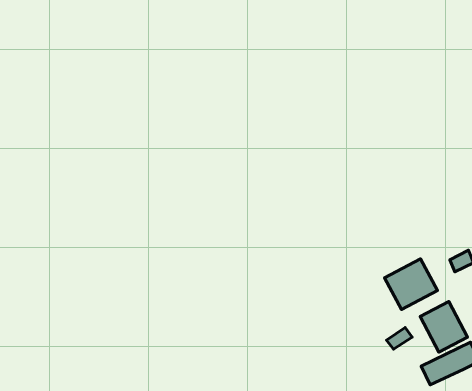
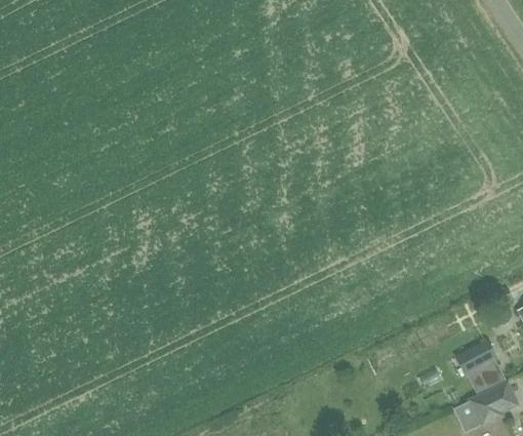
building: [385,259,438,309] -> none

